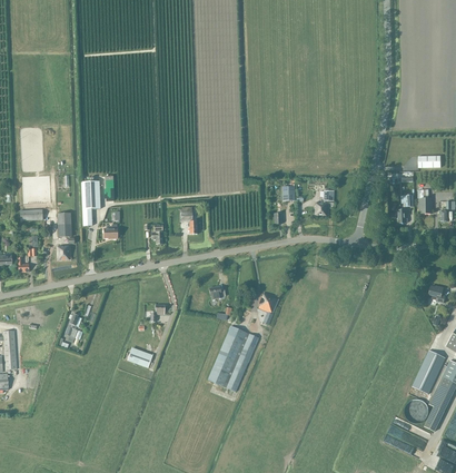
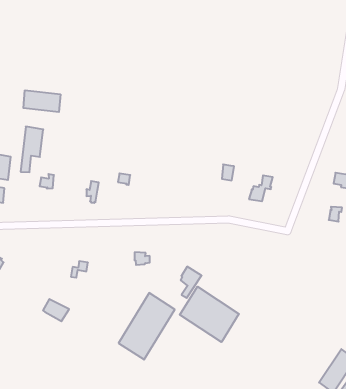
building: none -> [23,90,60,112]
building: none -> [180,287,239,342]

